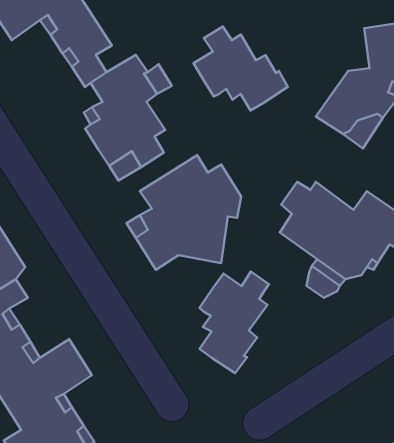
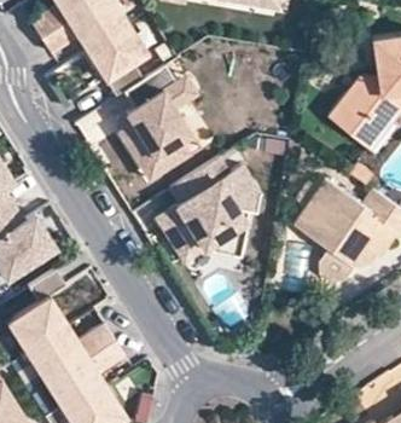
building: [194,27,288,110] -> none
building: [199,271,269,373] -> none

